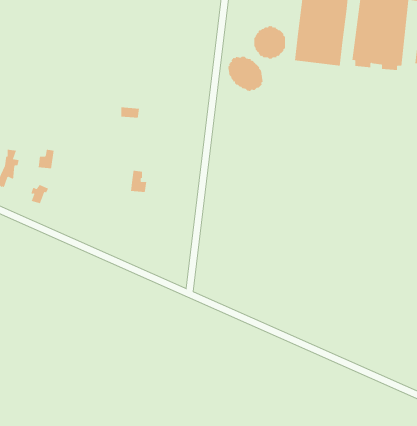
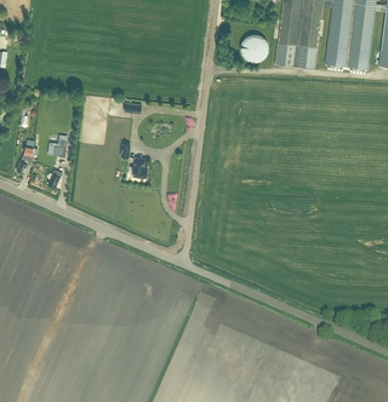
building: [228,56,263,92] -> none

